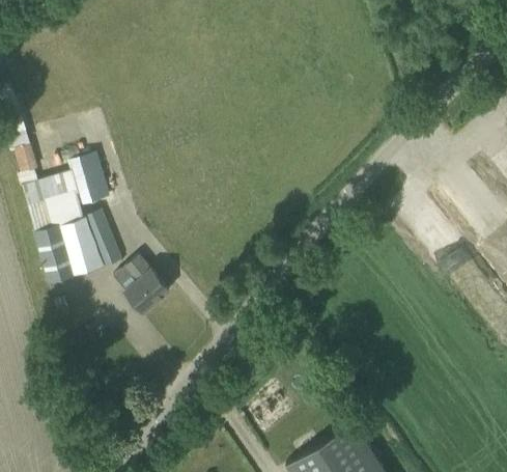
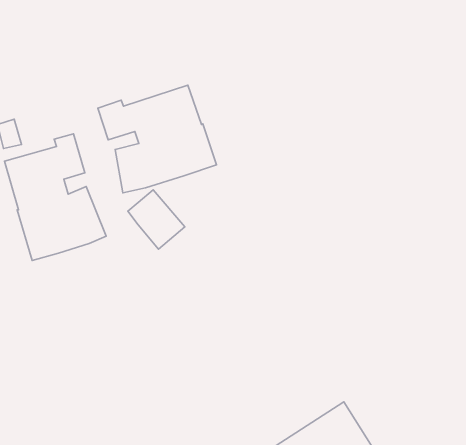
building: none -> [98,85,217,193]
building: [114,255,170,313] -> [128,190,185,249]

